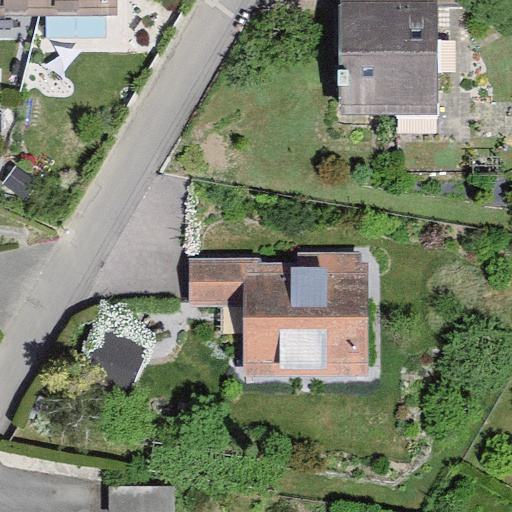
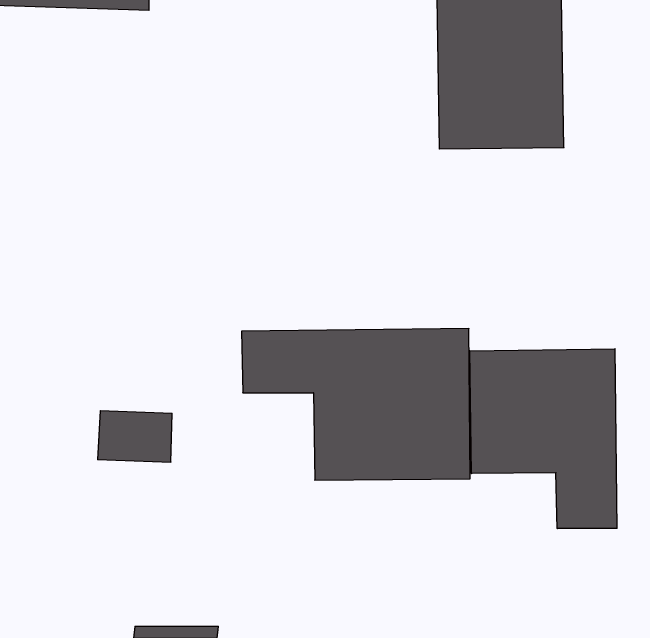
building: none -> [470,349,617,529]

